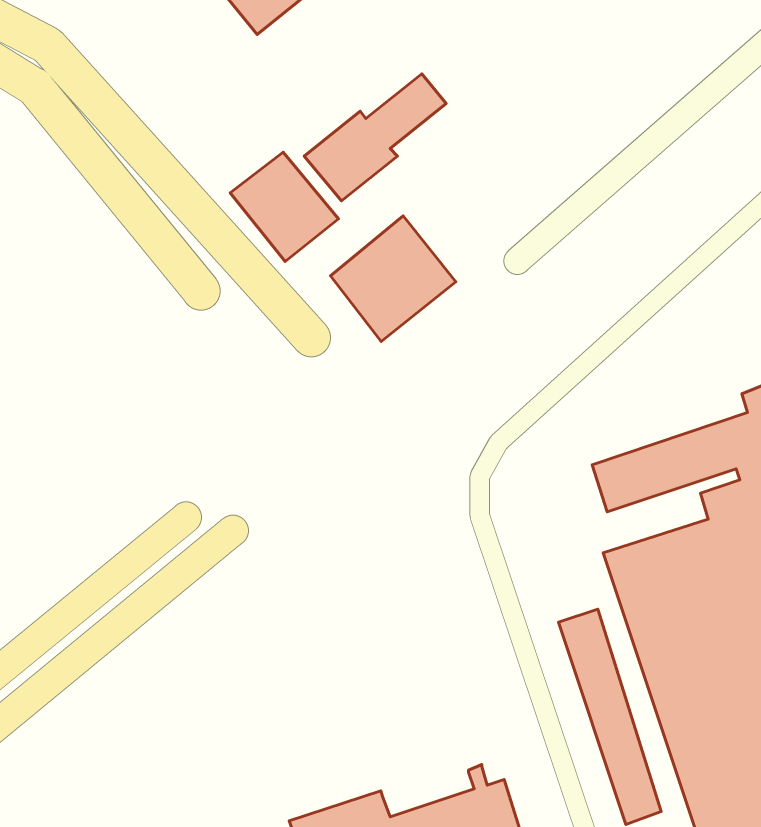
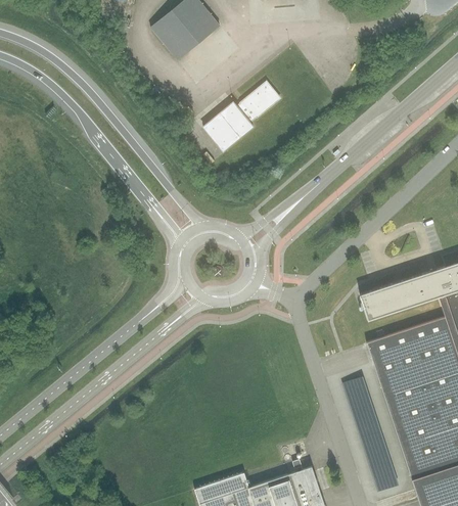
building: [230,152,338,262] -> none
building: [331,216,456,341] -> none

